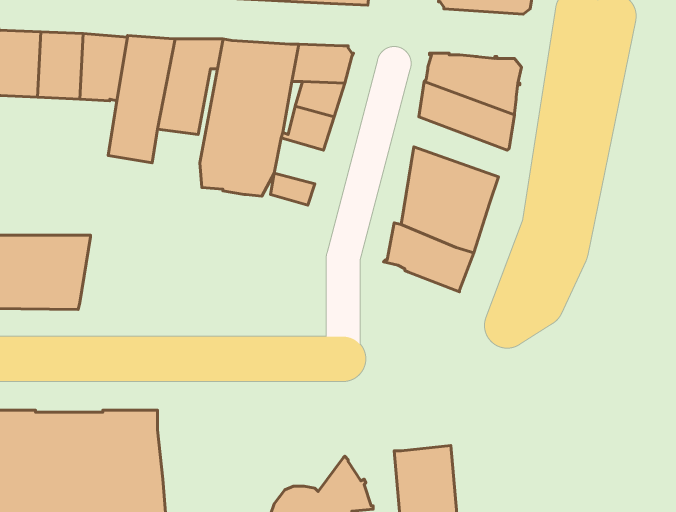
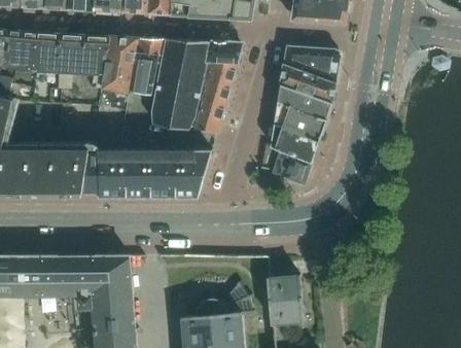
building: none -> [277,83,331,118]
building: none -> [196,96,224,123]
building: none -> [82,149,212,196]

